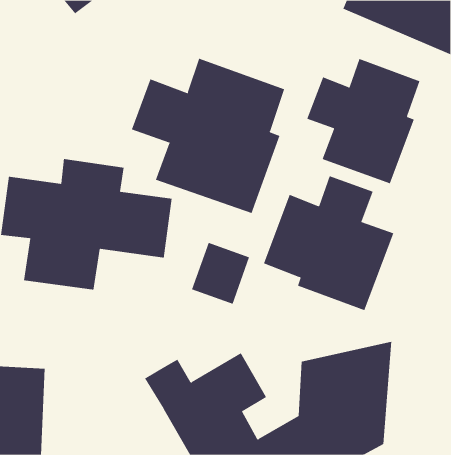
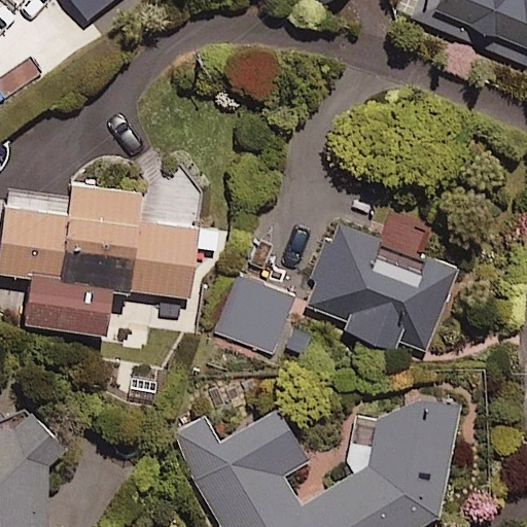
building: [131,58,285,214] -> none
building: [307,58,420,184] -> none

